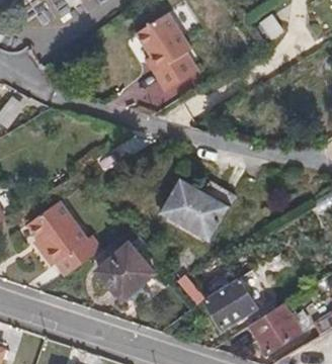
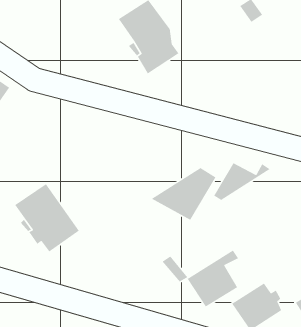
building: [159,179,218,218] -> [213,162,271,201]
building: [95,238,161,295] -> none

